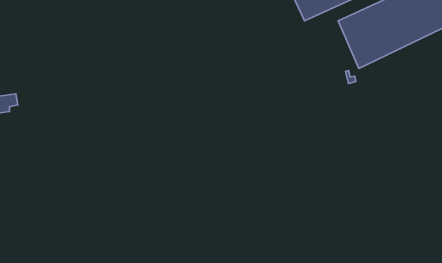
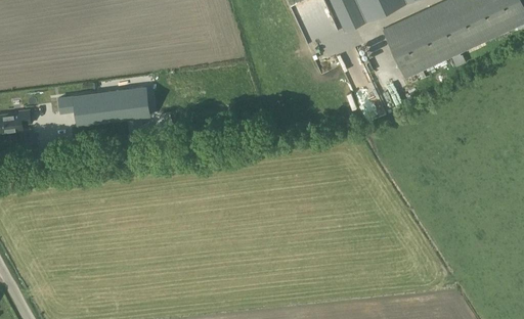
building: none -> [55,90,147,127]

